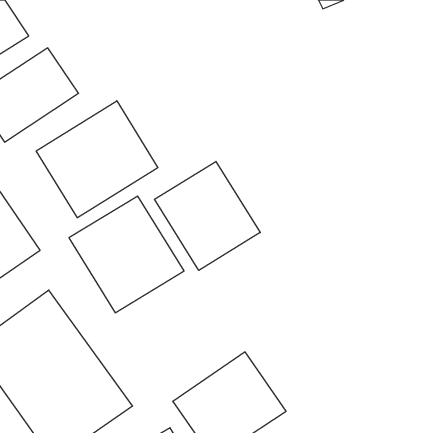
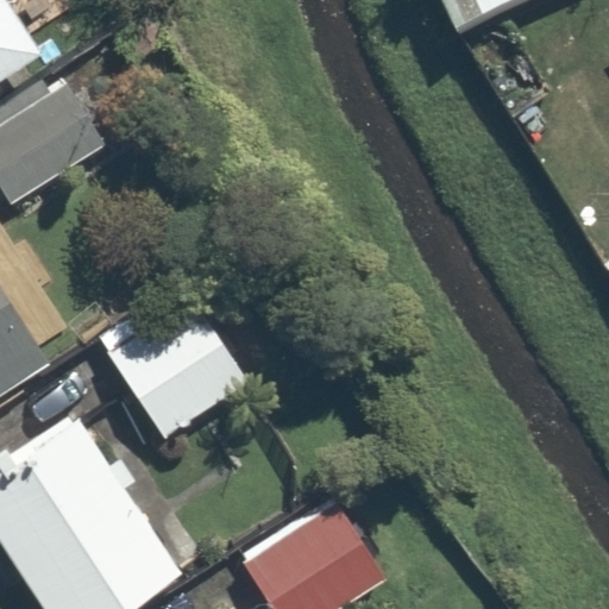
building: [36,101,158,218] -> none
building: [154,161,260,270] -> none

